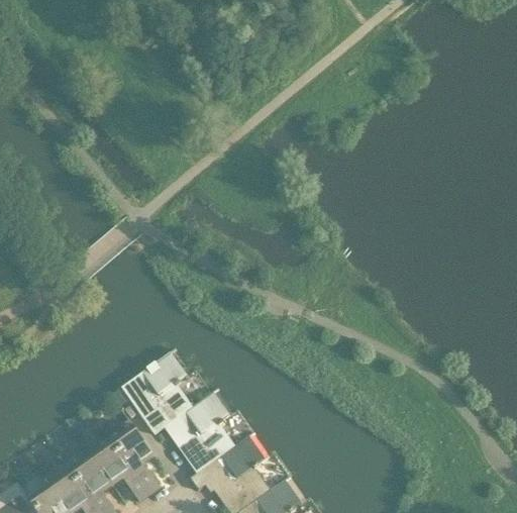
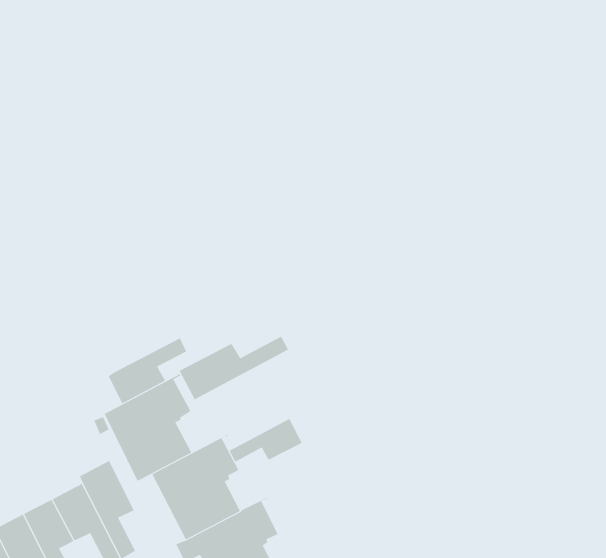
building: none -> [179,336,289,400]
building: none -> [108,337,187,404]
building: none -> [229,418,303,462]

